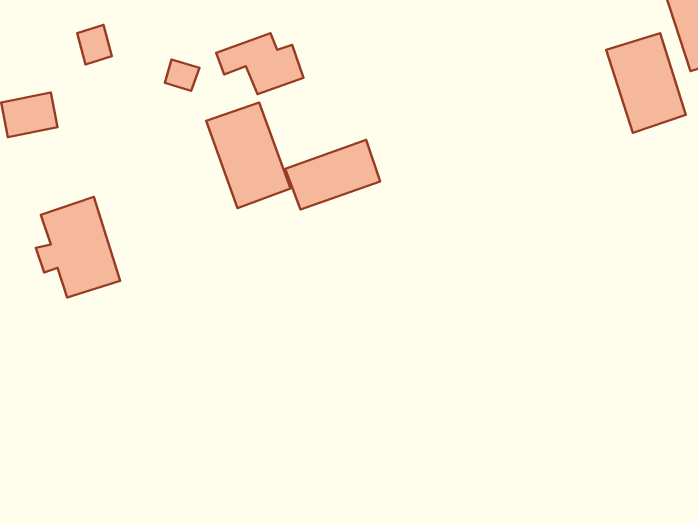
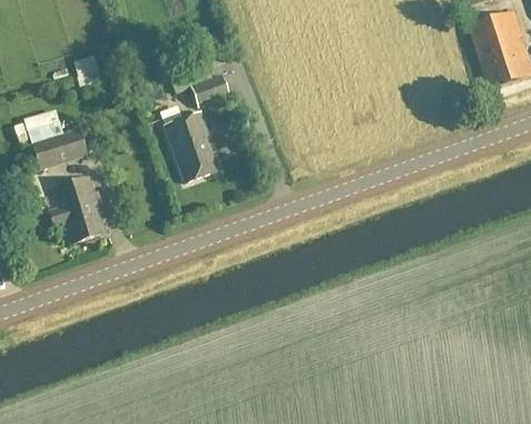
building: [606,33,686,133] -> none
building: none -> [31,126,88,169]
building: [285,140,380,210] -> none

